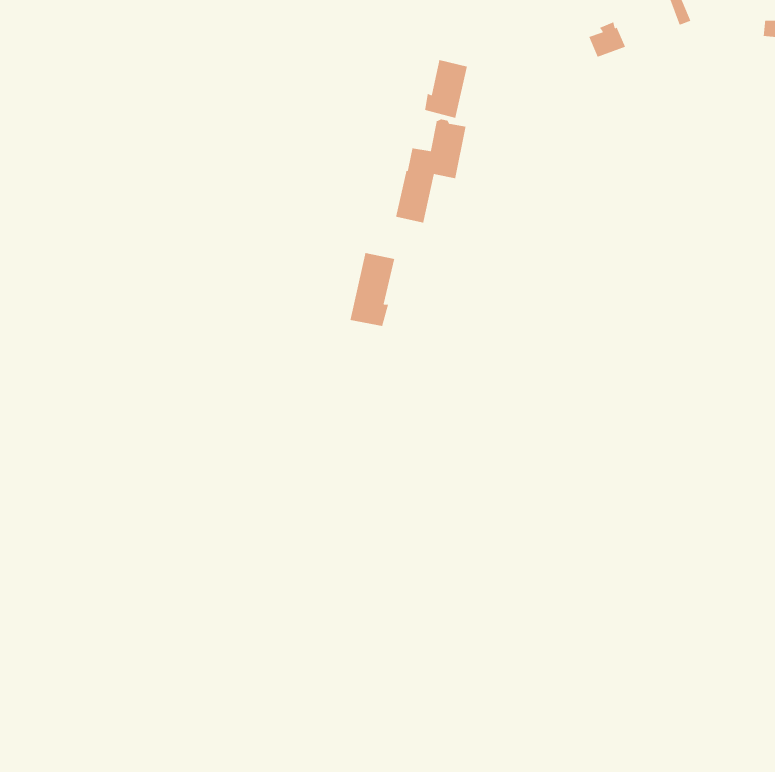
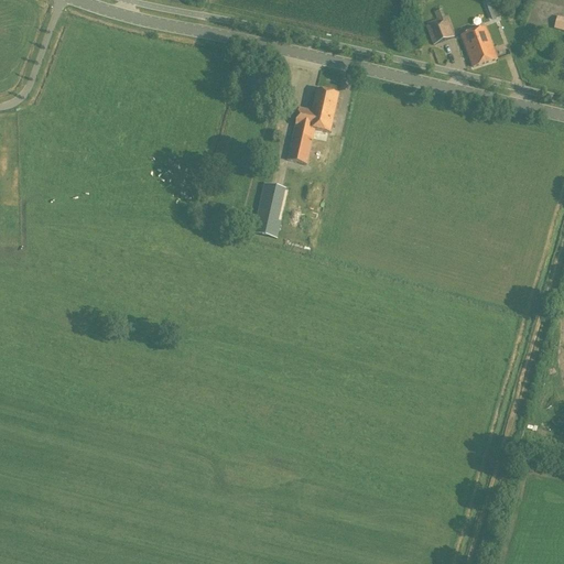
building: none -> [463,24,498,65]
building: [424,59,468,119] -> none

